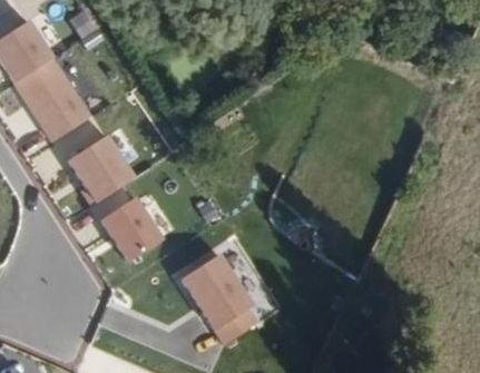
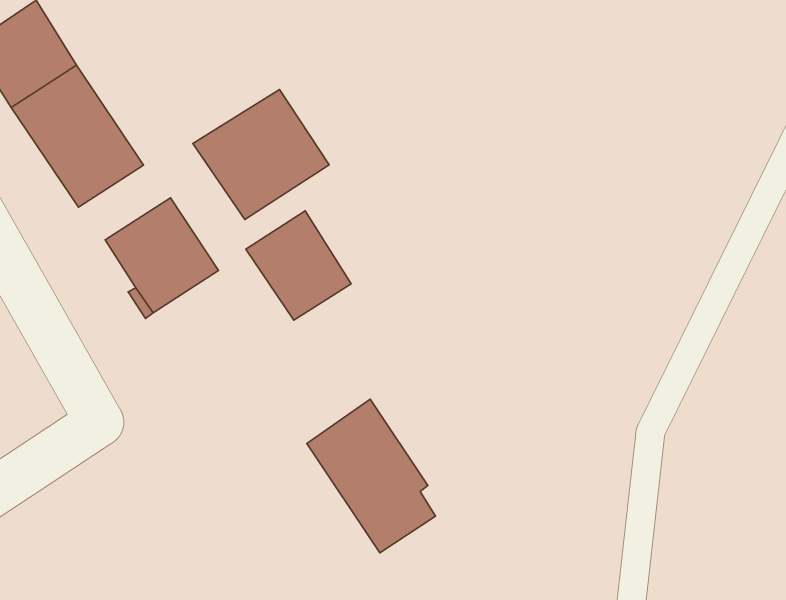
building: none -> [193,90,329,220]
building: [98,195,159,258] -> [246,211,351,320]

